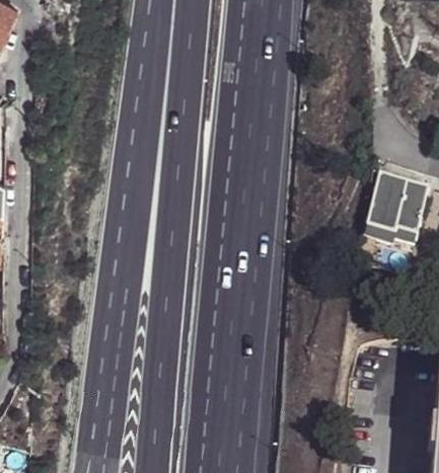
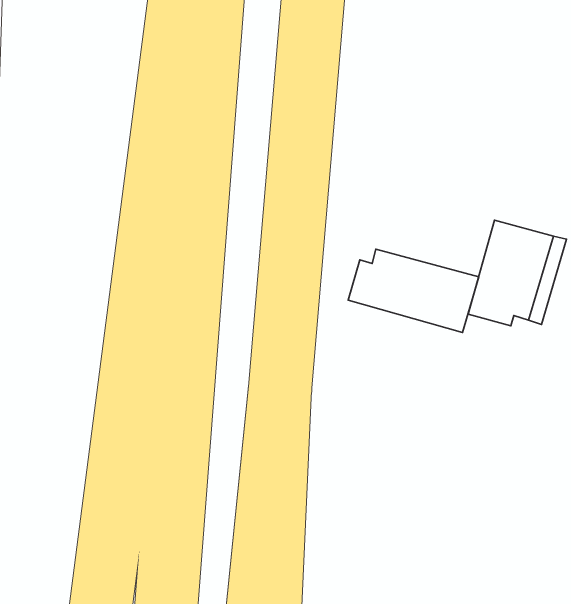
building: none -> [348,249,479,333]

